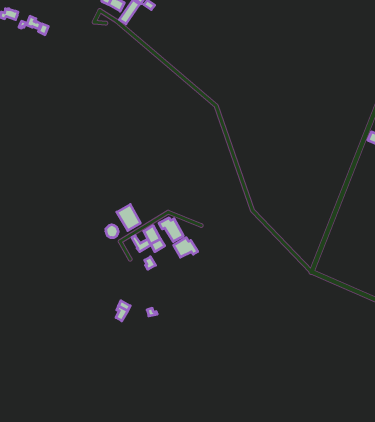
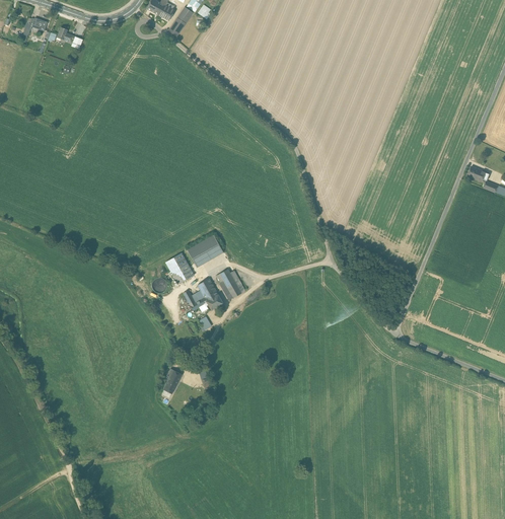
building: none -> [186,235,221,266]
building: [174,238,198,257] -> none

